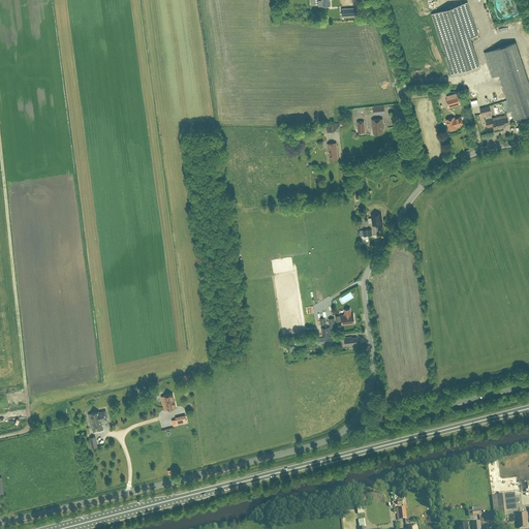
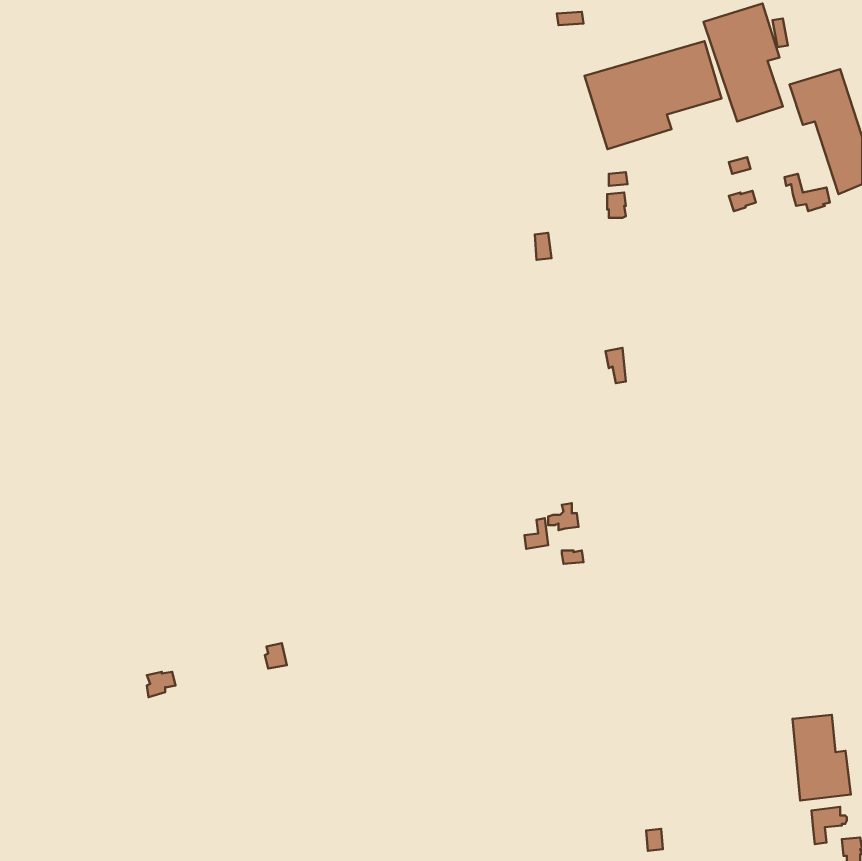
building: none -> [584,41,721,149]
building: none -> [792,715,851,801]

